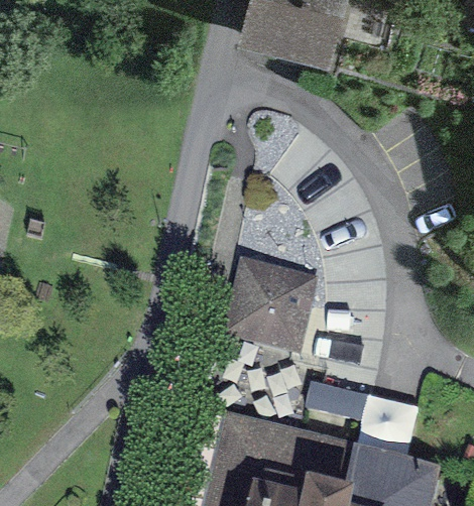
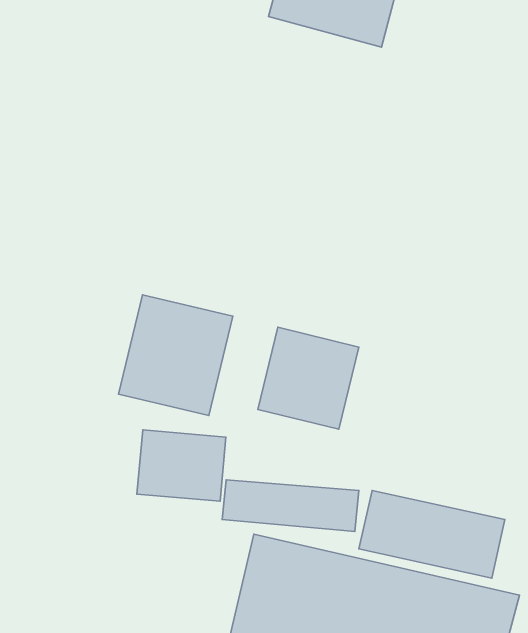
building: none -> [119,295,233,416]
building: none -> [137,430,226,501]

